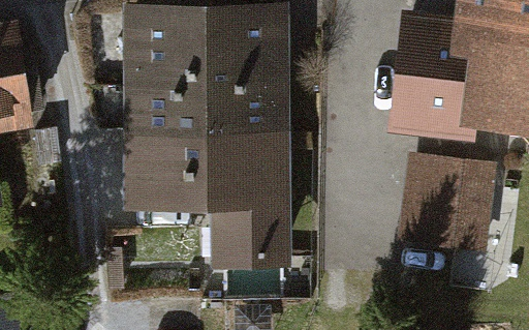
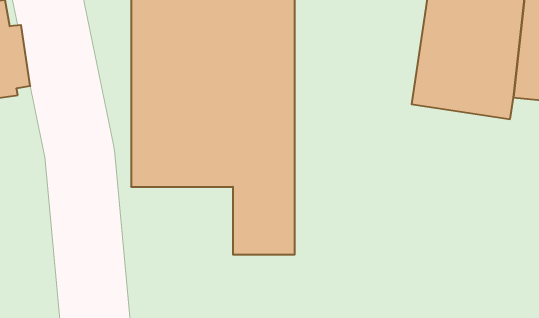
building: [407,163,492,253] -> none

